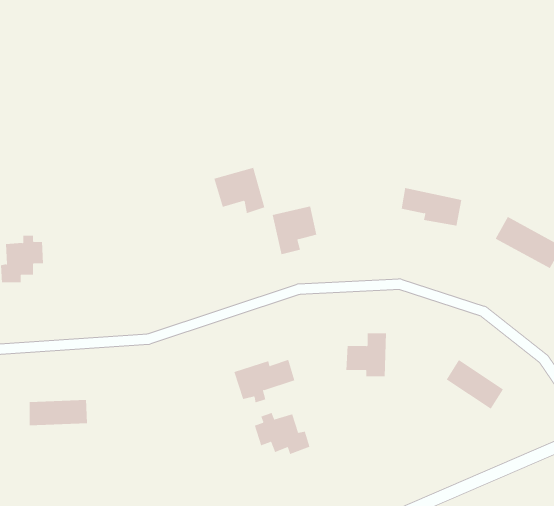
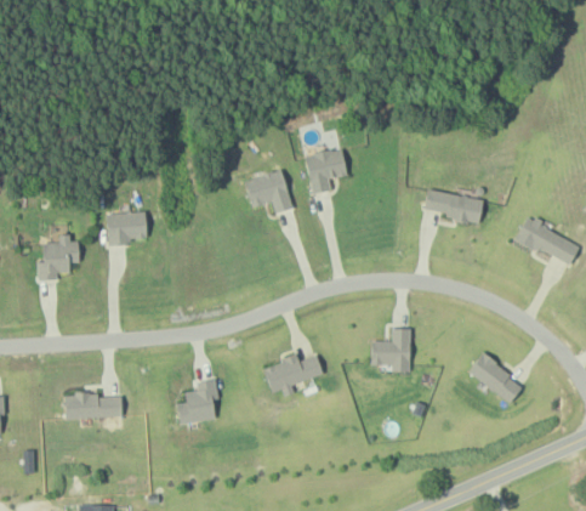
building: [272,206,317,255] -> [303,147,347,194]
building: none -> [106,211,146,245]
building: none -> [176,379,217,424]
building: [254,412,310,455] -> none

